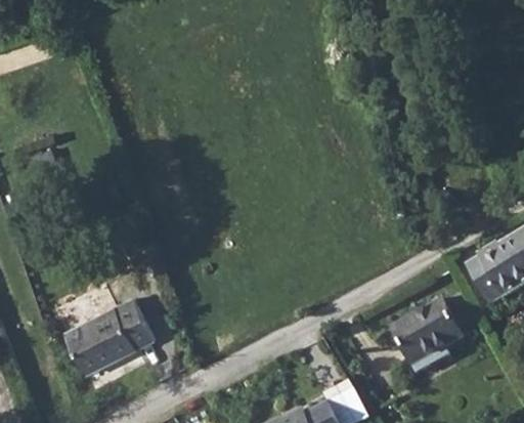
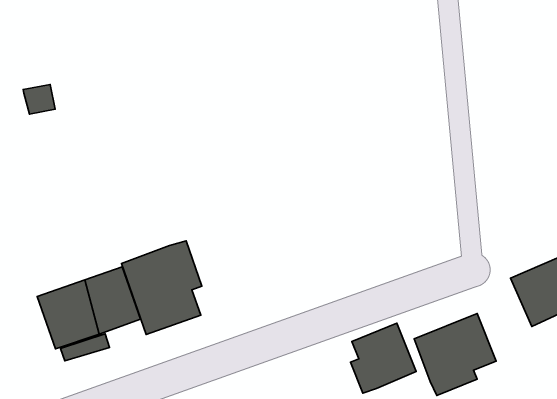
building: none -> [122,241,202,334]
building: none -> [351,323,416,393]

